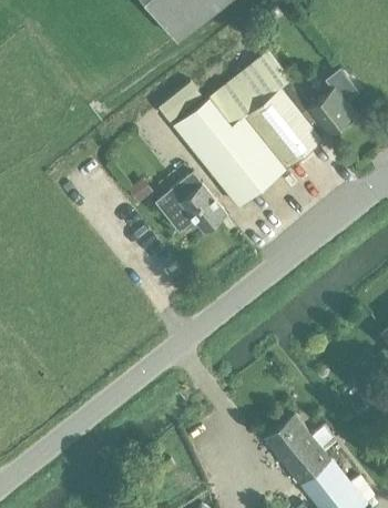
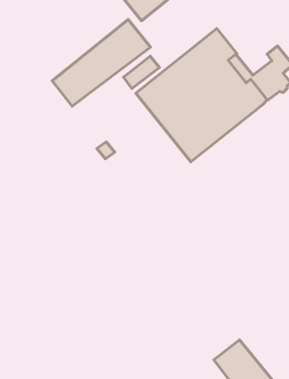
building: none -> [52,19,150,106]
building: [155,174,224,233] -> none

